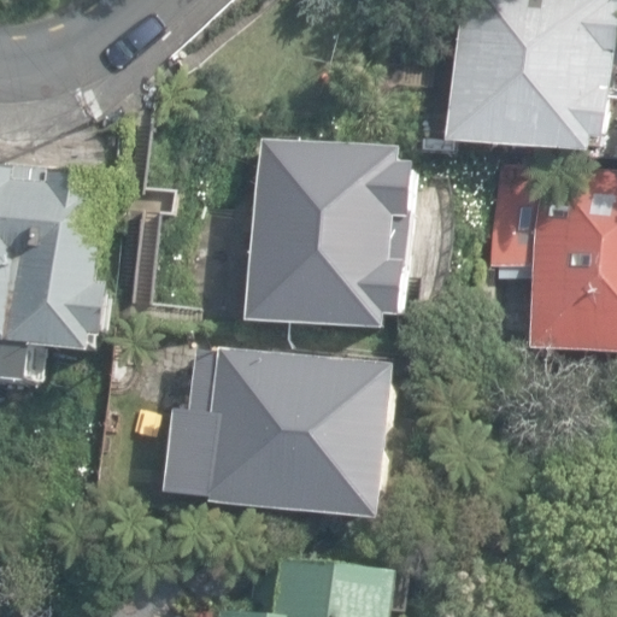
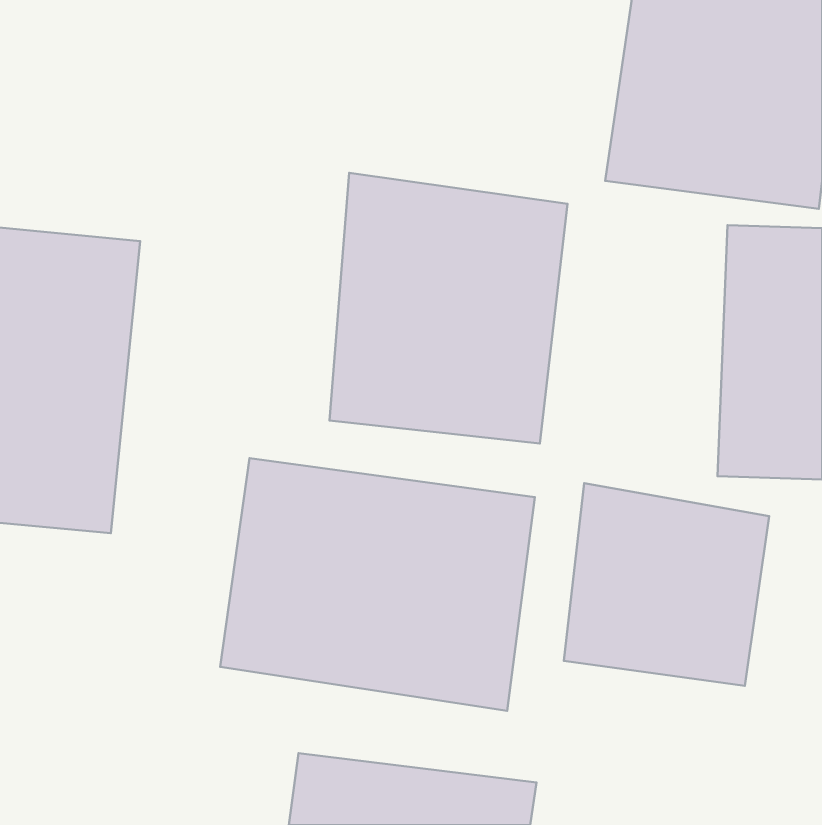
building: none -> [564,483,769,686]

